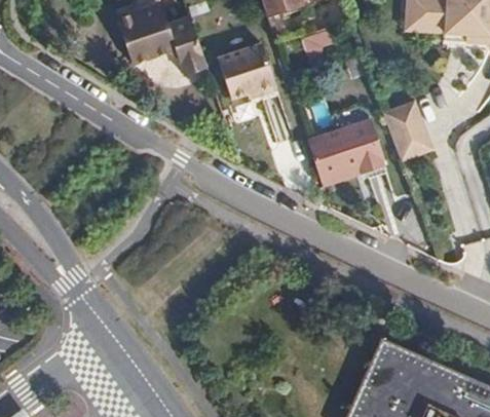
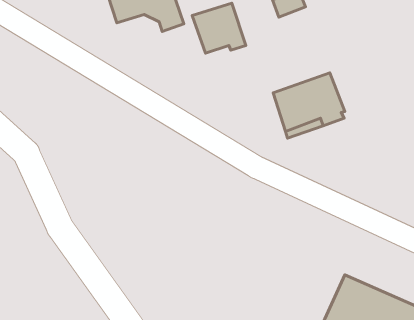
building: [382,100,434,162] -> none

